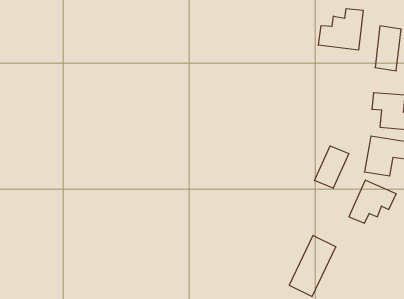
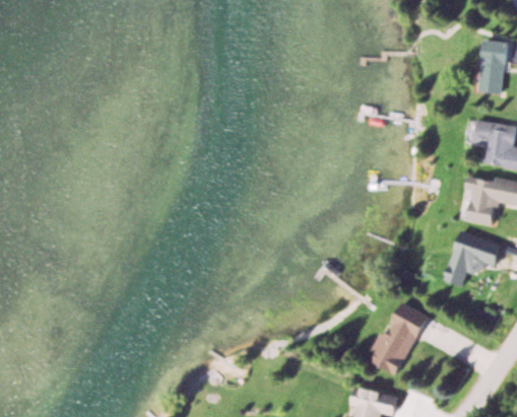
building: [318,9,363,50] -> none
building: [315,146,349,188] -> none

